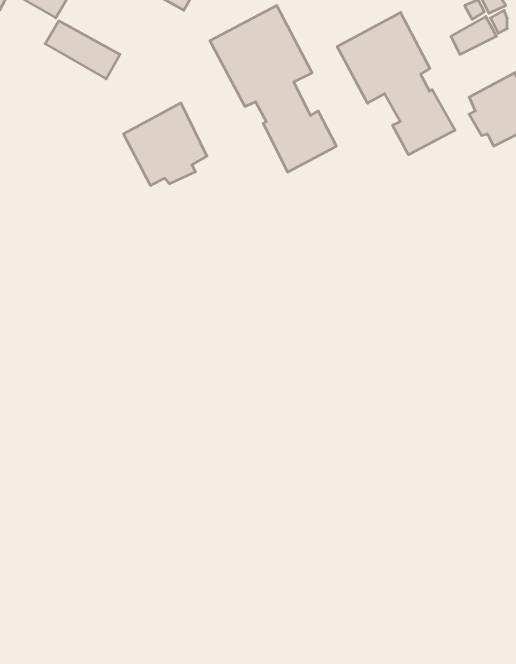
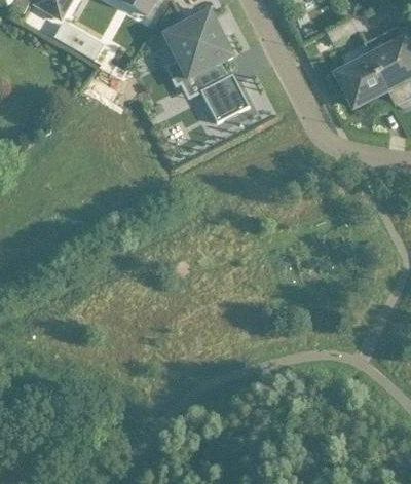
building: [337,12,455,155] -> none
building: [124,103,207,186] -> none

